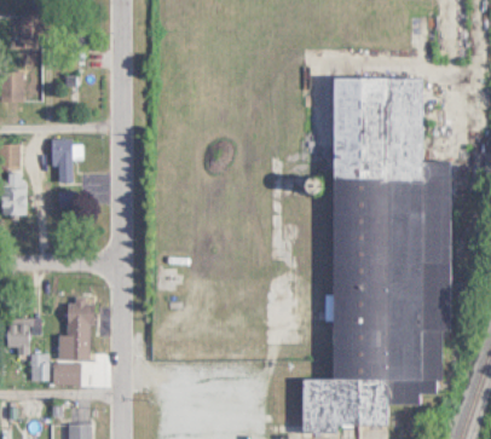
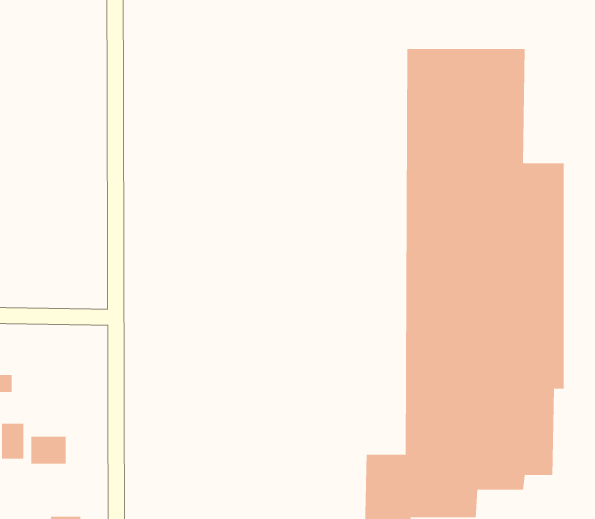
building: [53,139,82,183] -> none
building: [59,296,92,359] -> none

